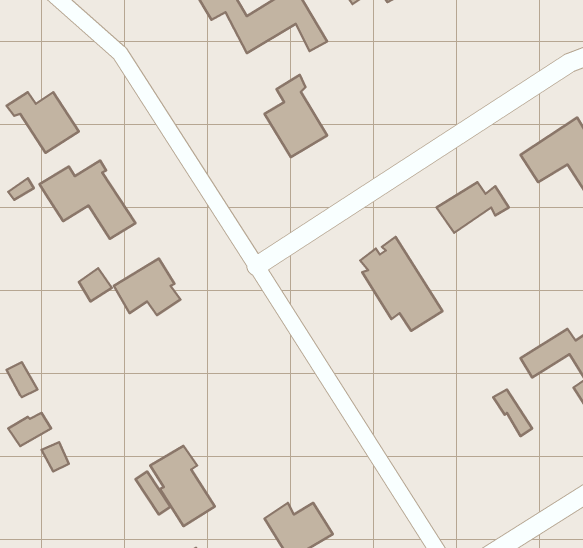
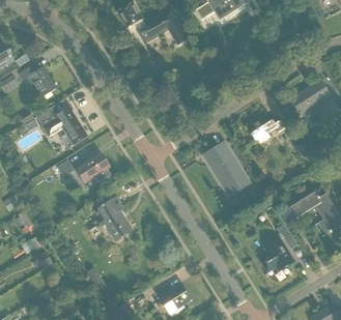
building: [265,75,327,157] -> none
building: none -> [259,237,293,270]
building: [150,446,215,526] -> [96,197,131,239]

